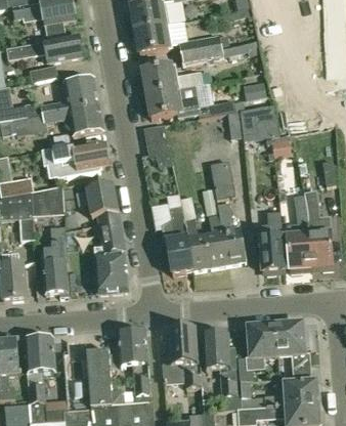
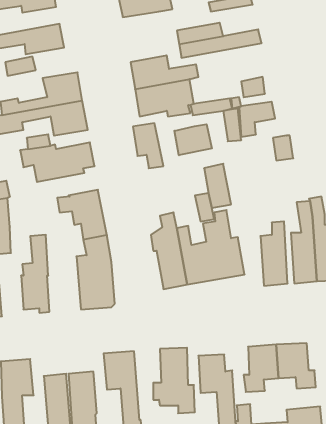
building: [135,23,172,52] -> none
building: none -> [174,124,212,155]
building: [31,185,64,218] -> none

